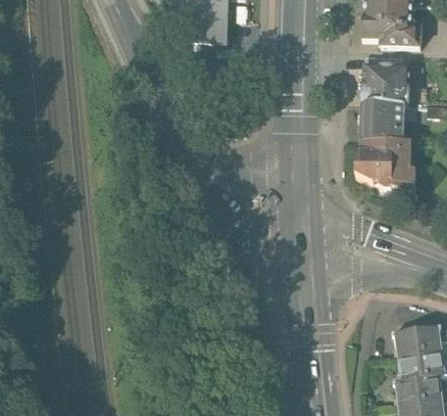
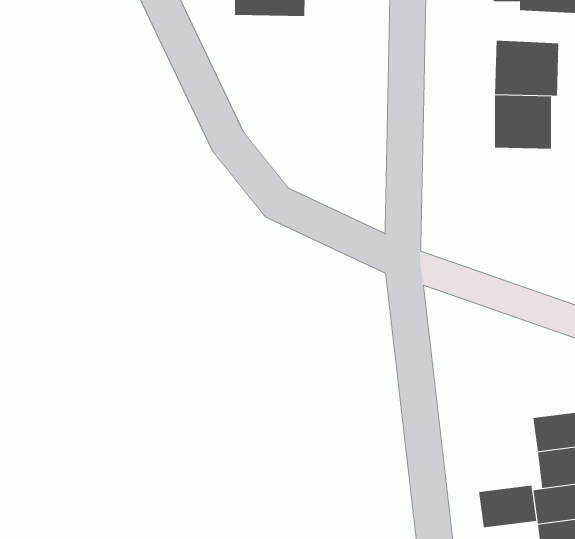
building: [358,138,414,191] -> none
building: none -> [479,485,537,528]

